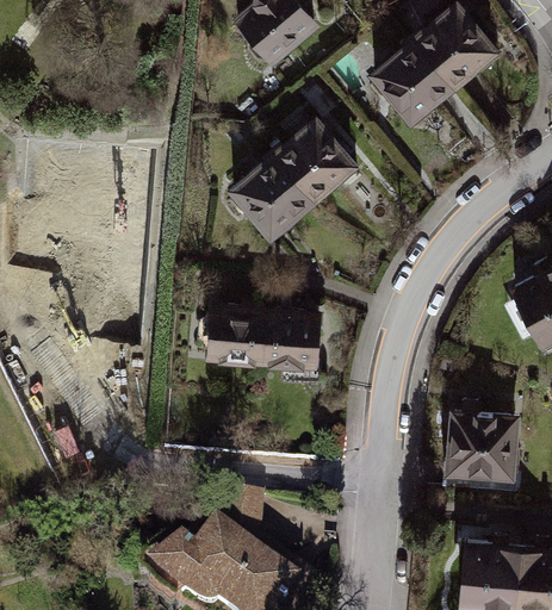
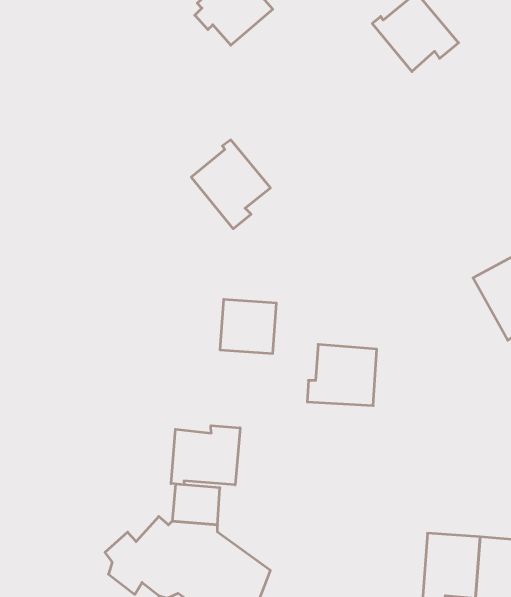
building: [373,38,452,126] -> none
building: [272,123,358,201] -> none
building: [207,307,265,362] -> none
building: [445,413,514,474] -> [307,344,377,406]
building: none -> [171,426,240,485]

